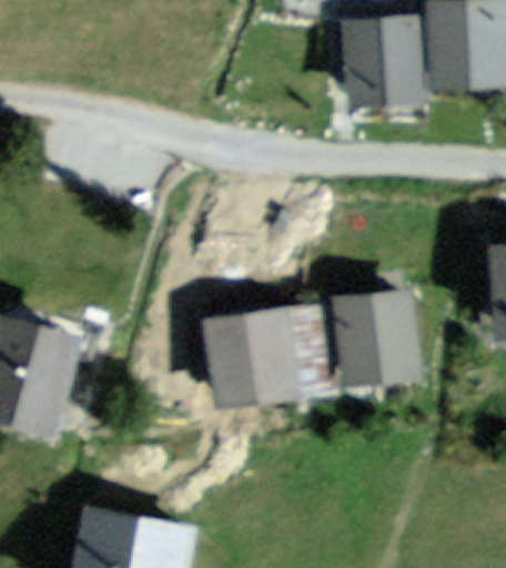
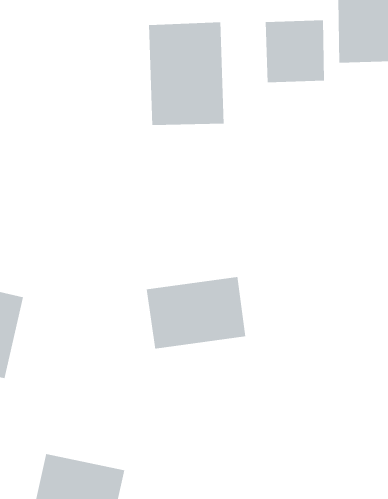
building: none -> [149,22,224,126]
building: [335,295,408,374] -> none

